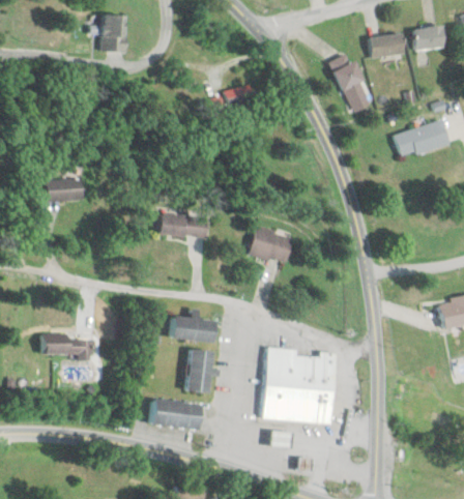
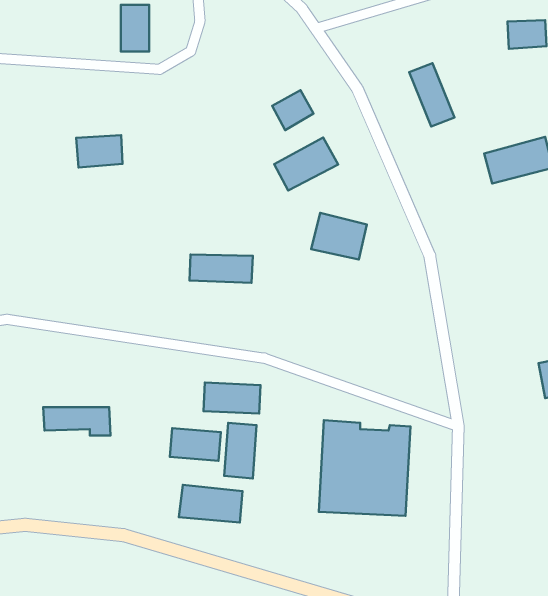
building: [367,33,403,57] -> none
building: none -> [274,137,338,191]
building: [44,178,81,204] -> [76,135,123,168]
building: [248,226,292,263] -> [311,213,367,259]
building: none -> [170,428,221,461]

